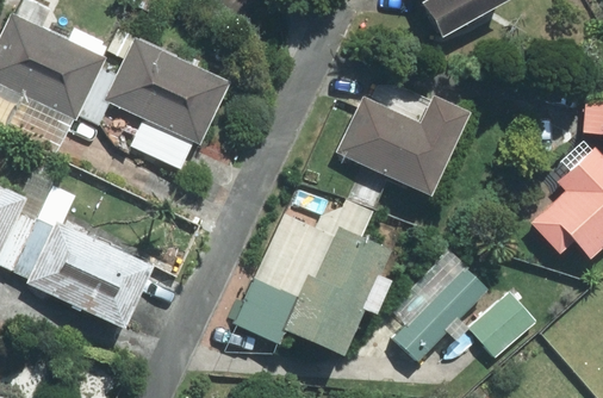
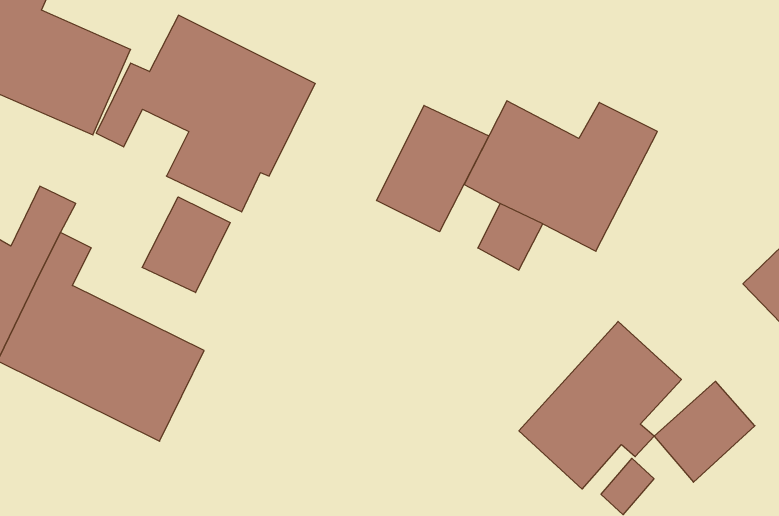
building: none -> [377,105,489,232]
building: none -> [142,197,230,293]
building: [235,211,387,357] -> none

